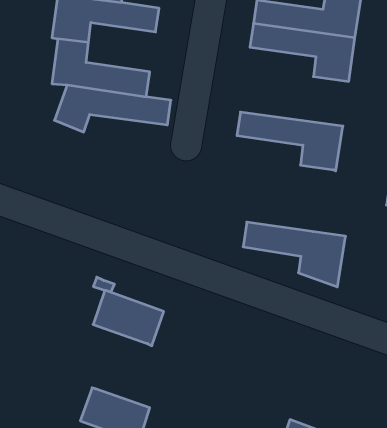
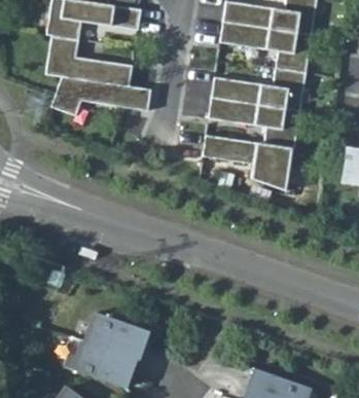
building: none -> [212,69,307,112]
building: [243,222,346,287] -> [204,138,293,194]
building: [93,290,164,346] -> [85,312,147,360]

